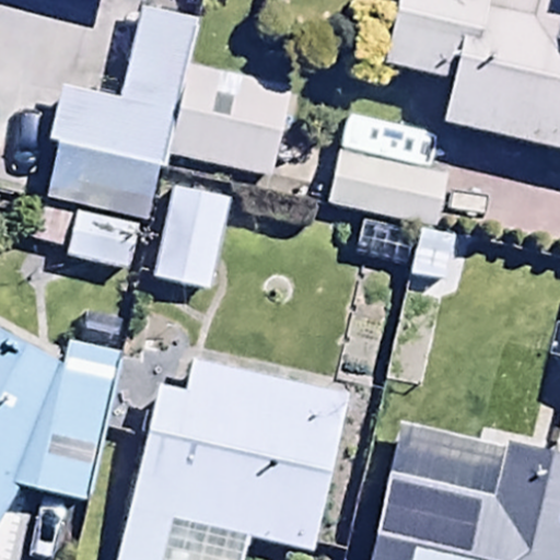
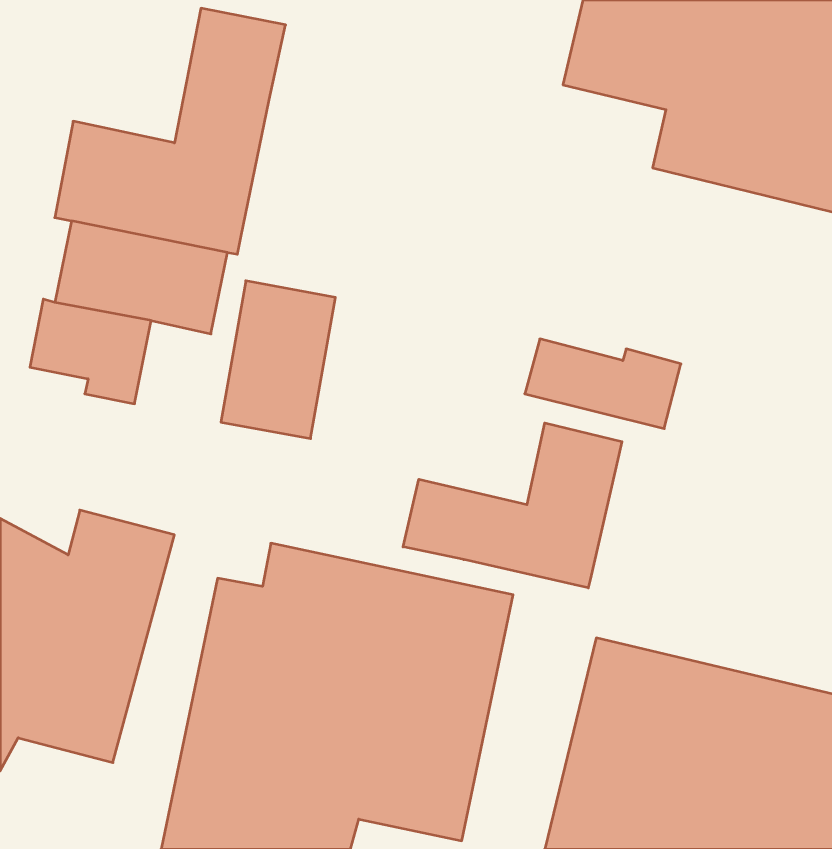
building: [170,66,293,177] -> none
building: [329,118,447,228] -> none
building: none -> [403,423,622,588]

